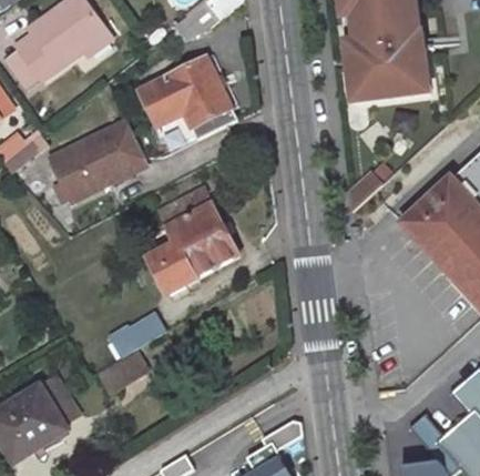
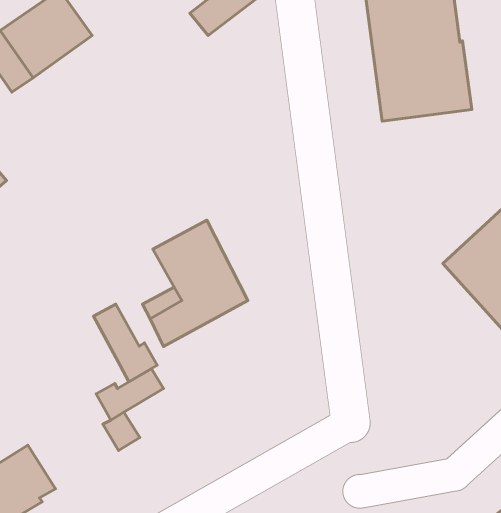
building: [139,57,237,138] -> none
building: [49,117,144,203] -> none
building: none -> [94,304,157,382]

